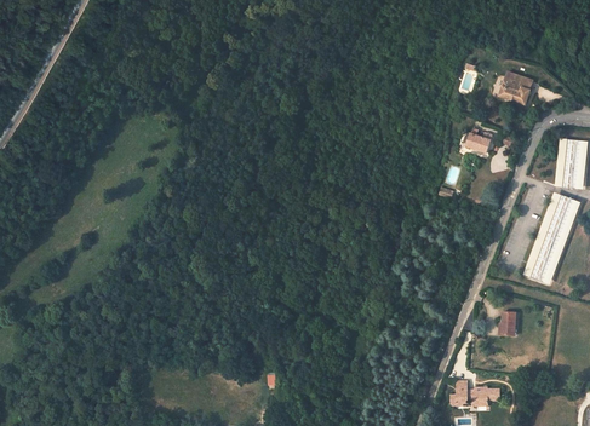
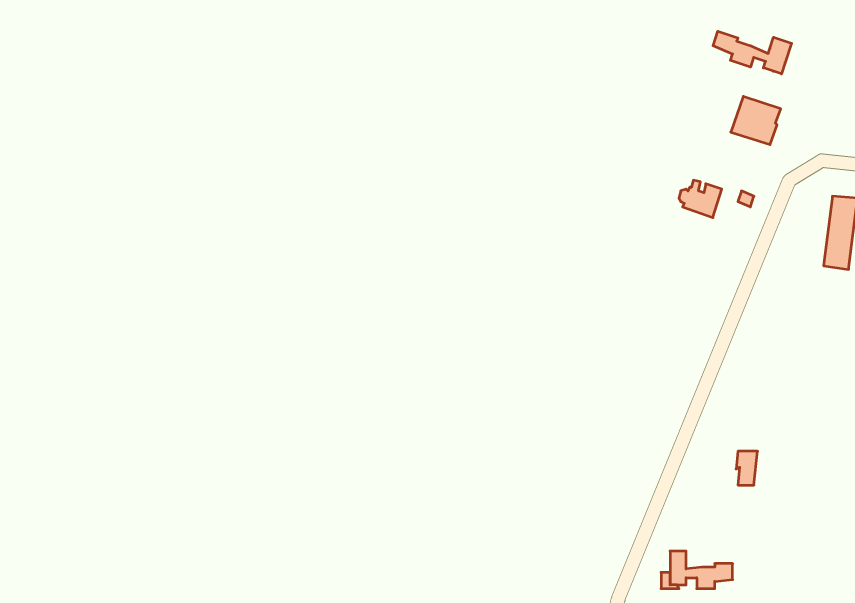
building: none -> [713,31,792,74]
building: [528,194,575,282] -> none

